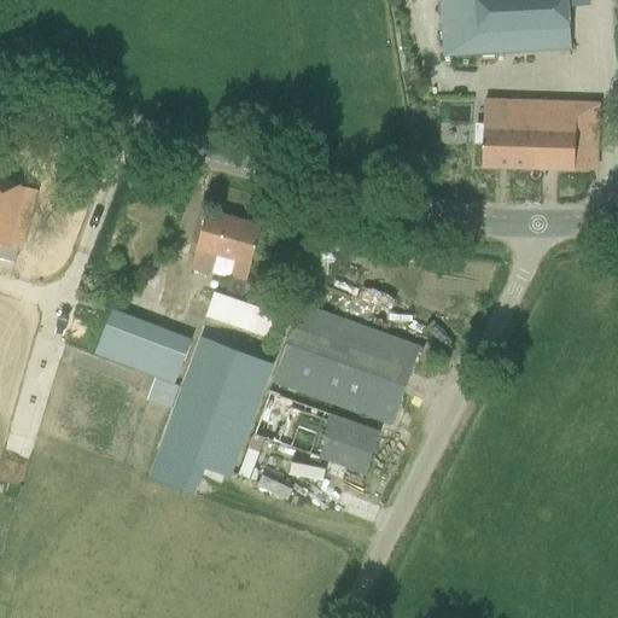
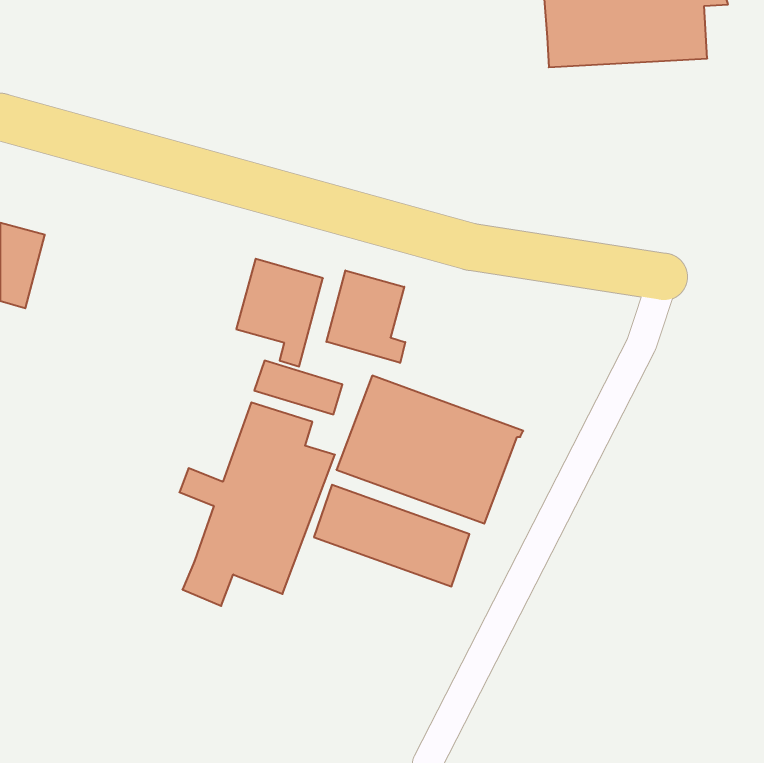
building: [482,99,596,169] -> none
building: none -> [326,270,405,363]
building: [99,308,194,385] -> none

